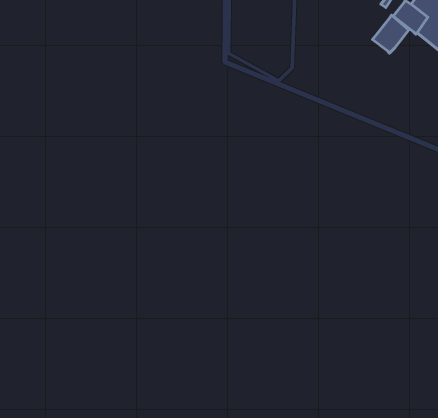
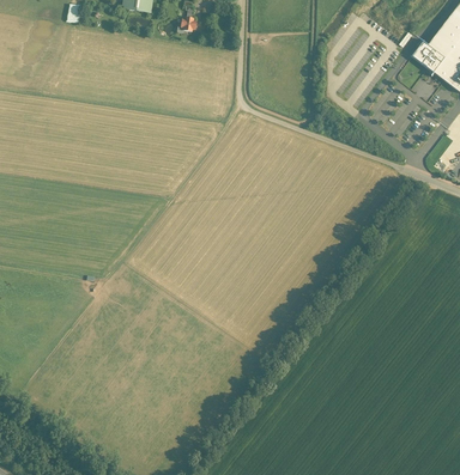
building: [372,15,409,53] -> none

